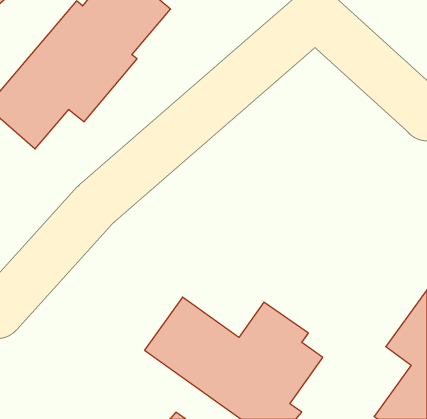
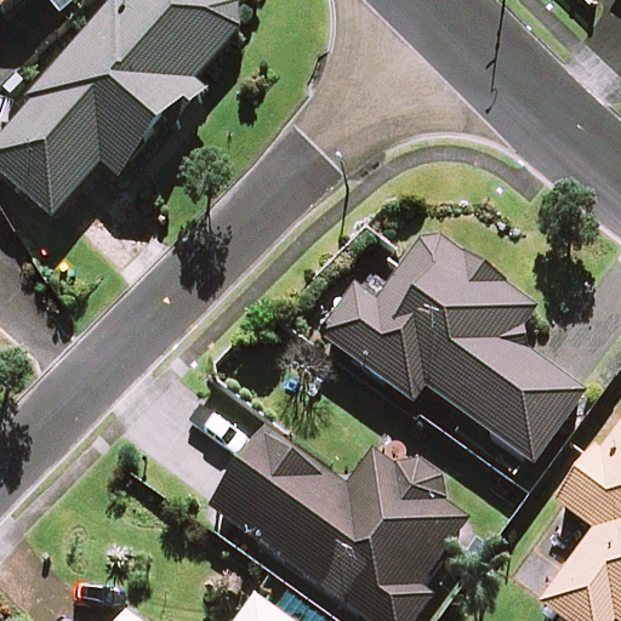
building: none -> [320,227,580,460]

